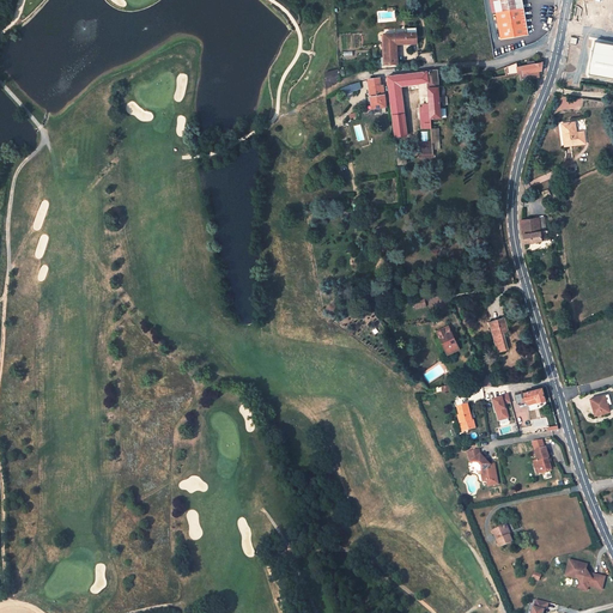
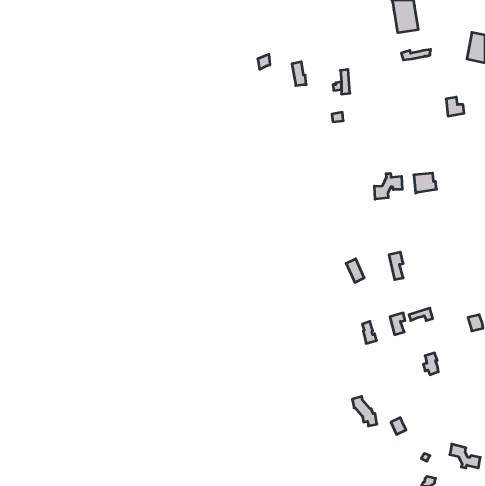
building: [384,32,417,65] -> none
building: [387,69,438,136] -> none
building: none -> [374,173,402,199]
building: [467,449,498,486] -> [352,396,377,426]

